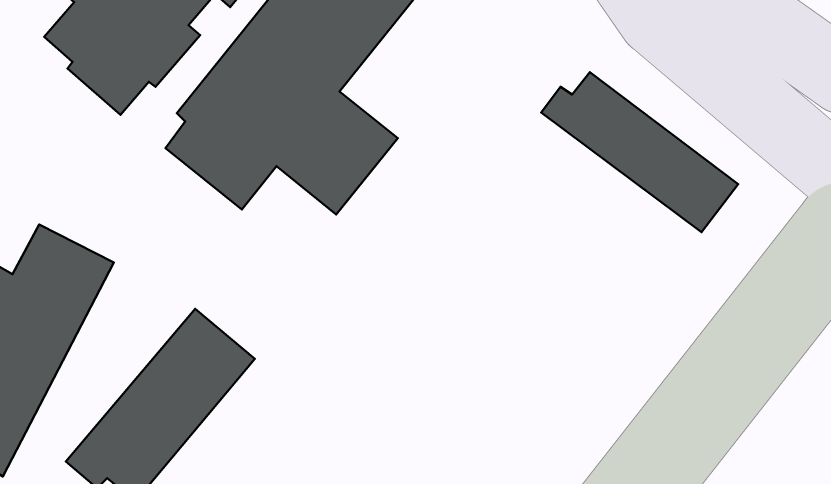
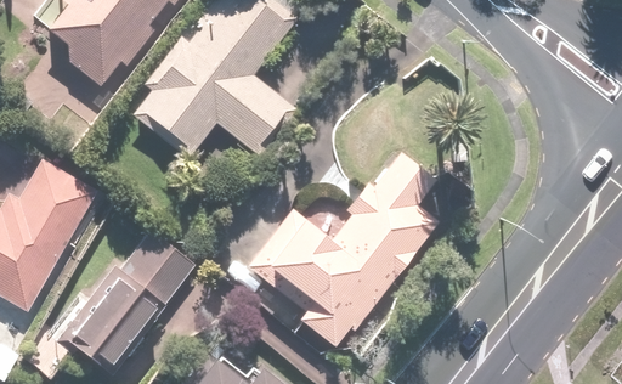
building: [541,72,738,232] -> none
building: none -> [247,153,436,346]

